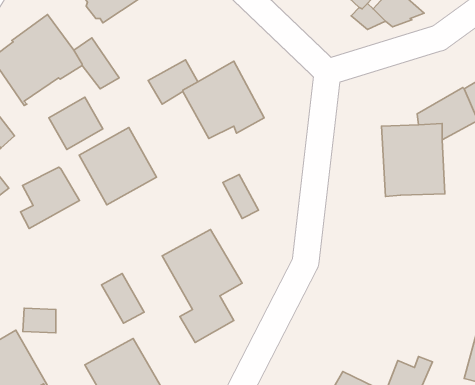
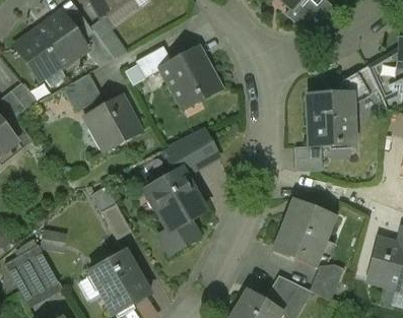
building: [21,167,80,229] -> none
building: none -> [176,135,204,171]
building: none -> [294,144,322,171]
building: none -> [274,199,334,265]

